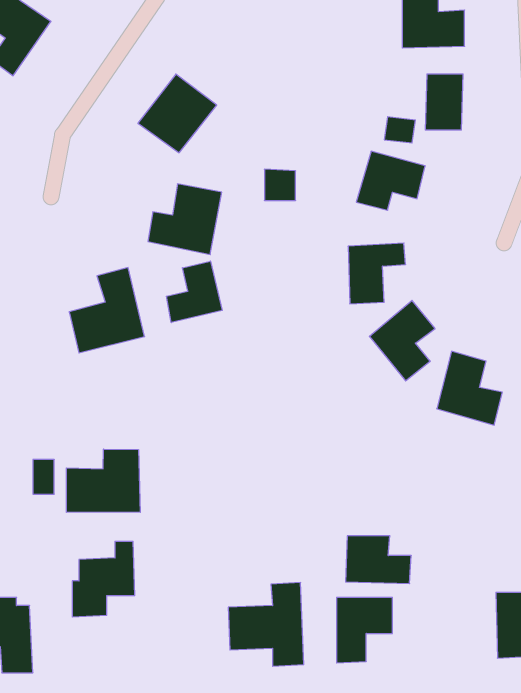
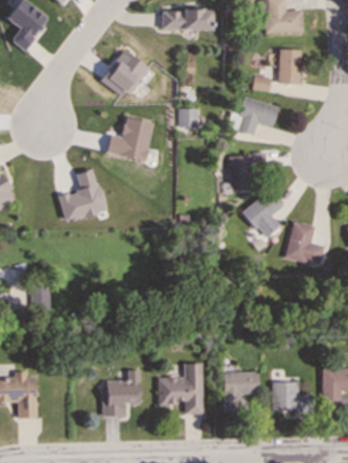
building: none -> [162,10,213,30]
building: [166,261,222,323] -> none
building: [66,449,140,512] -> none
building: [346,536,411,584] -> [271,382,312,411]
building: [72,541,135,617] -> [102,370,141,416]

